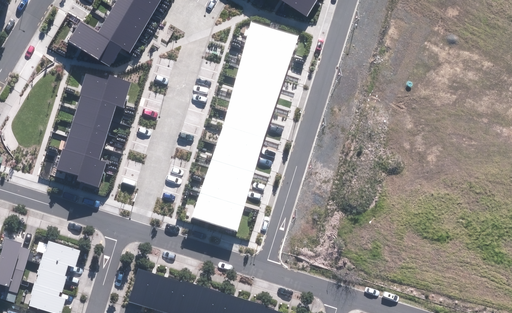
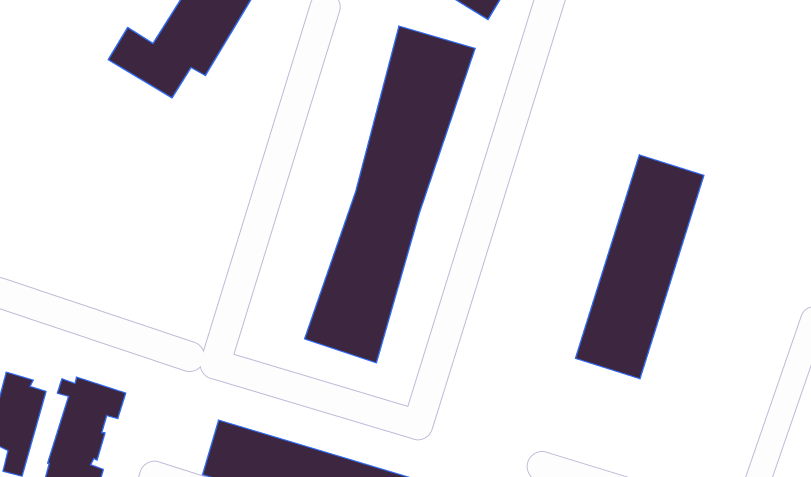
building: [55,73,131,188] -> none
building: none -> [575,155,704,379]

